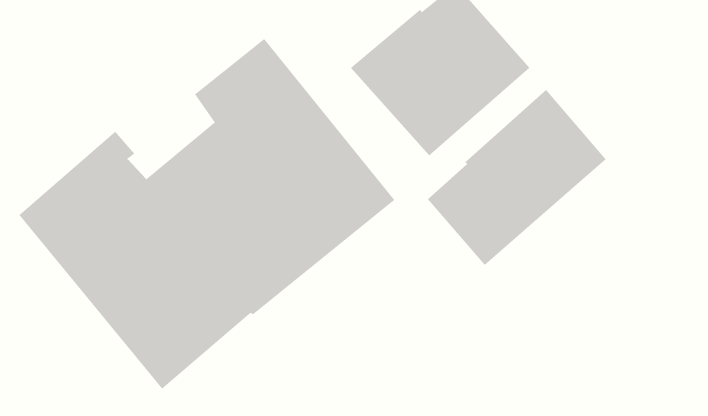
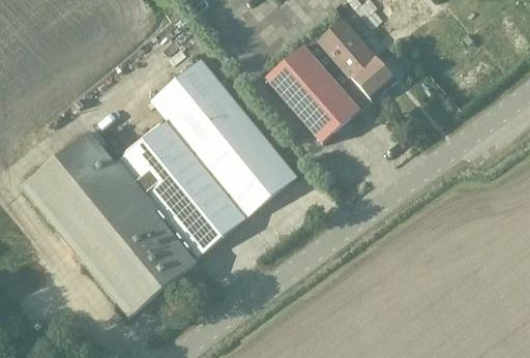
building: [427,89,606,266] -> none

